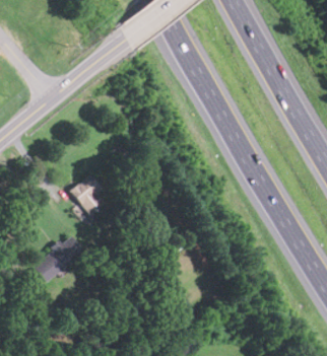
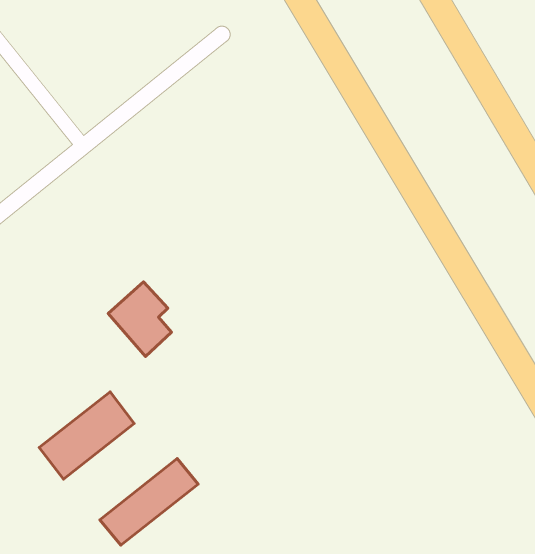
building: none -> [100,459,198,545]

